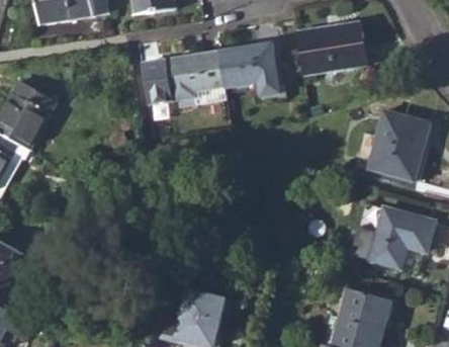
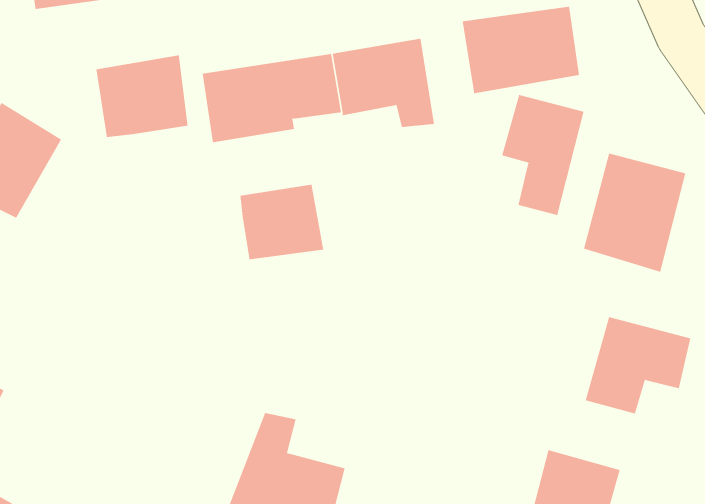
building: none -> [96,54,188,138]
building: none -> [502,94,584,216]
building: none -> [240,184,324,260]

